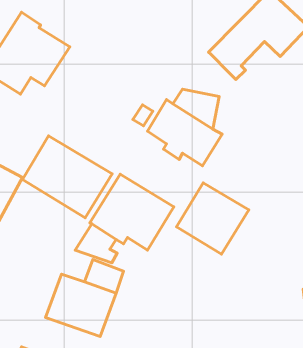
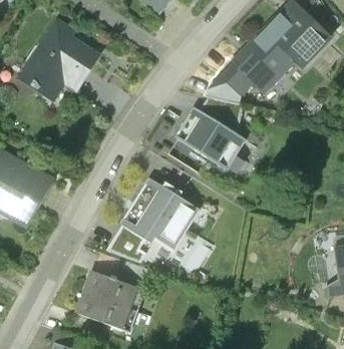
building: none -> [218,62,252,96]
building: [22,136,112,218] -> none
building: [177,183,249,254] -> none

